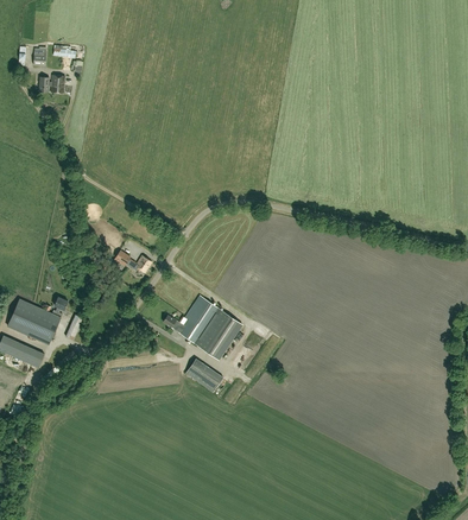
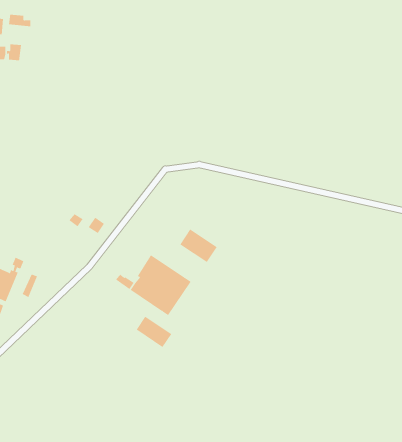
building: none -> [180,229,218,263]

